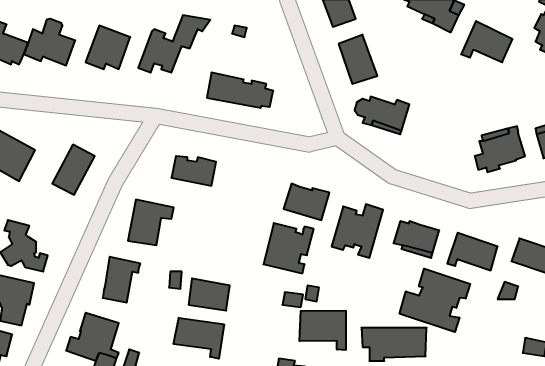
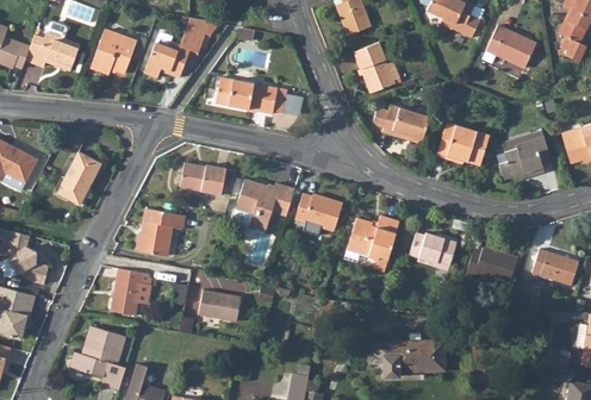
building: none -> [434,120,486,163]
building: [263,223,314,273] -> [235,180,287,232]
building: [400,269,470,332] -> none
building: [300,311,346,350] -> none
building: [174,318,224,359] -> none

